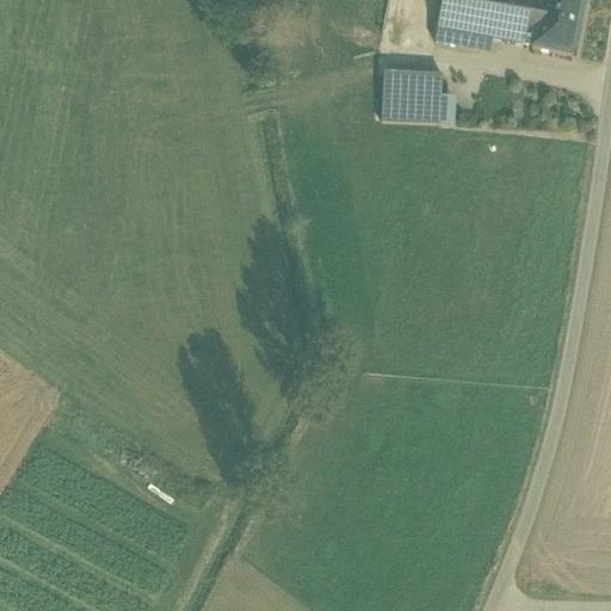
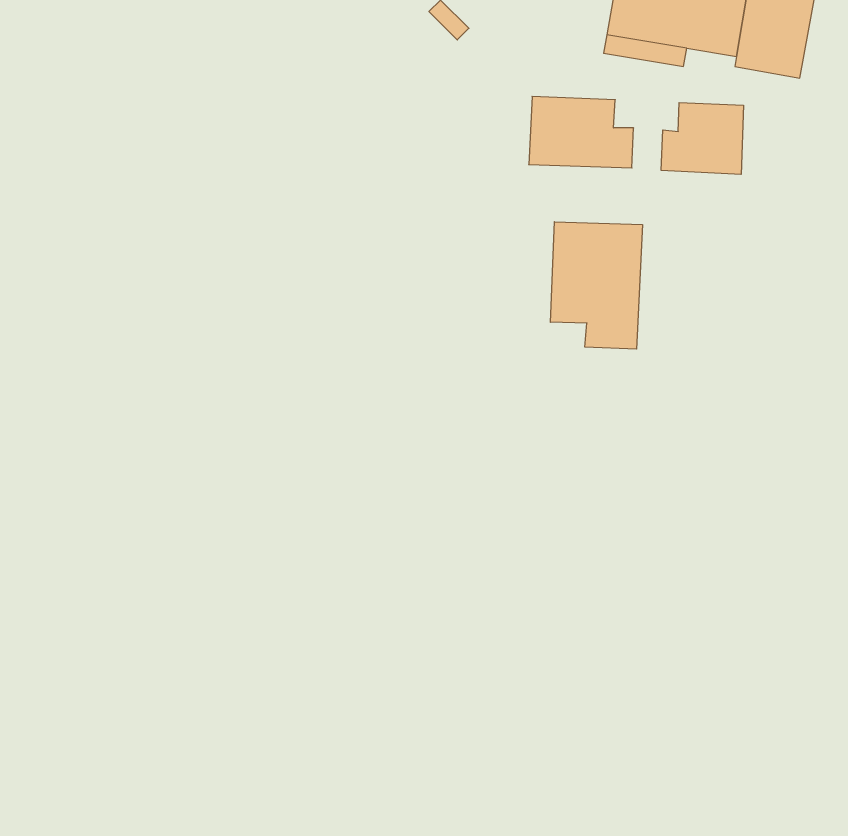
building: none -> [661,103,743,174]
building: none -> [550,222,642,349]

